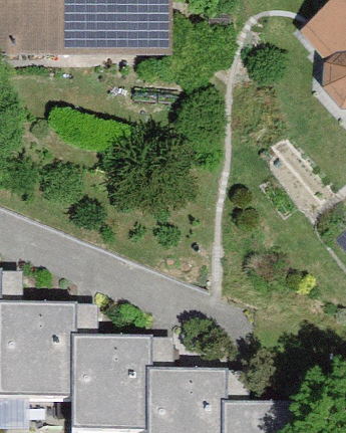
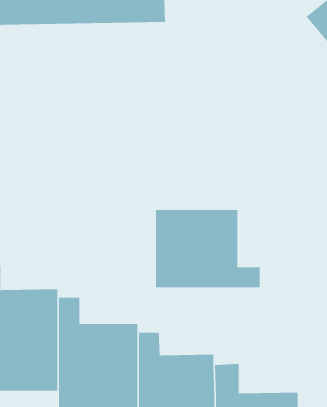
building: none -> [156,209,260,288]

